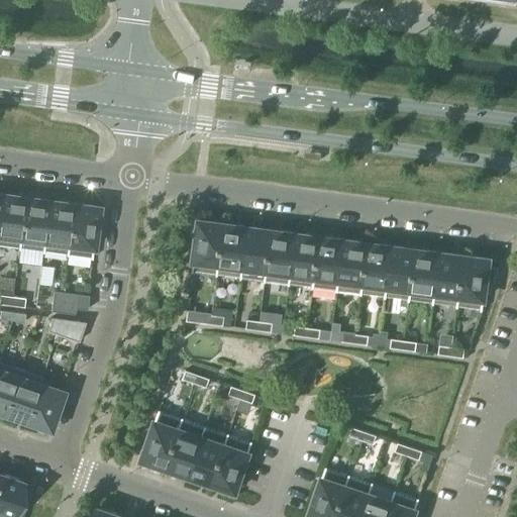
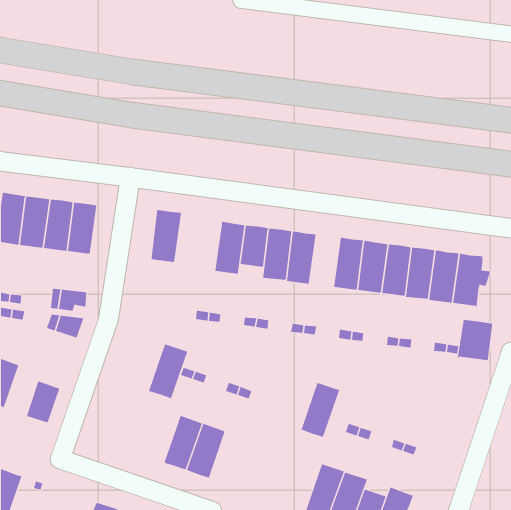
building: [192,221,223,277] -> [151,209,182,264]
building: [312,237,343,292] -> none
building: none -> [457,319,493,363]
building: [4,370,40,421] -> none
building: [141,411,182,469] -> [148,342,188,399]
building: [211,434,251,492] -> [301,380,341,437]

